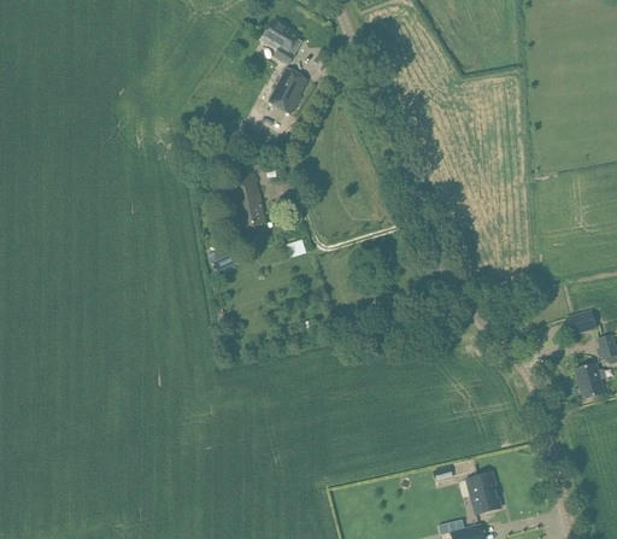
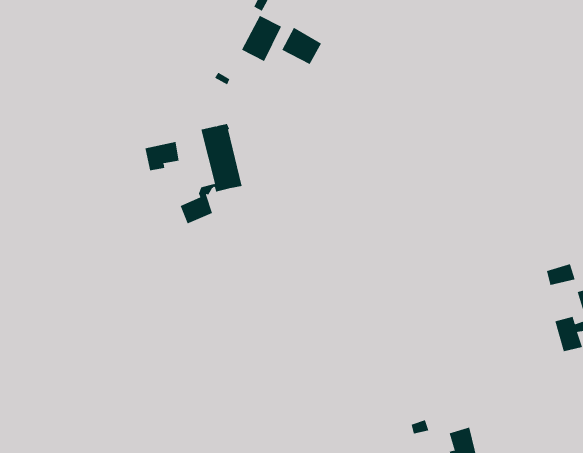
building: none -> [281,27,322,65]
building: none -> [145,141,179,171]

